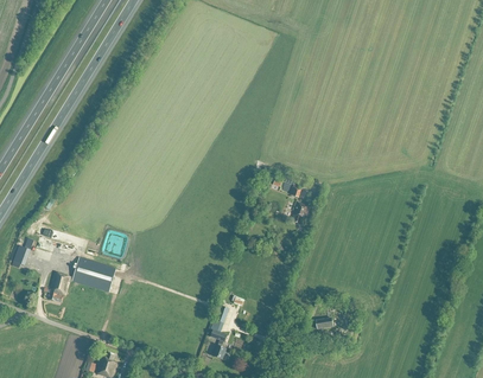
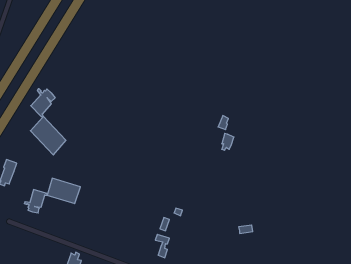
building: none -> [30,89,66,155]

